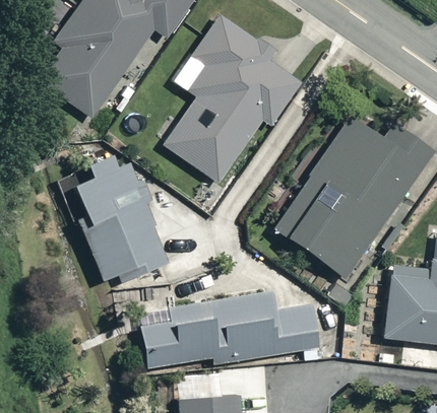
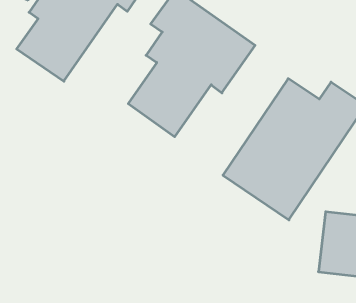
building: [66,155,164,284] -> none
building: [141,289,318,365] -> none

